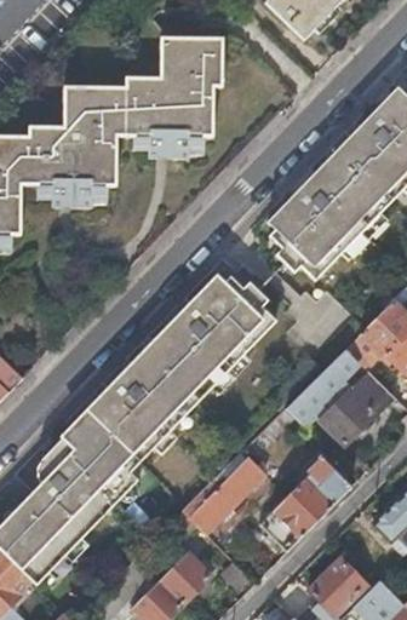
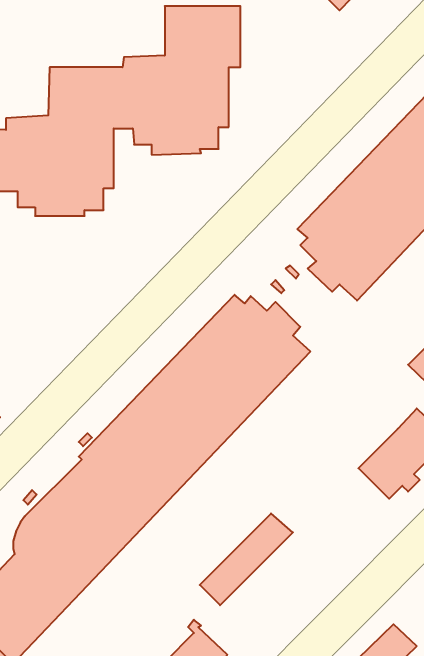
building: [286,348,355,421] -> none
building: [259,455,351,551] -> none

